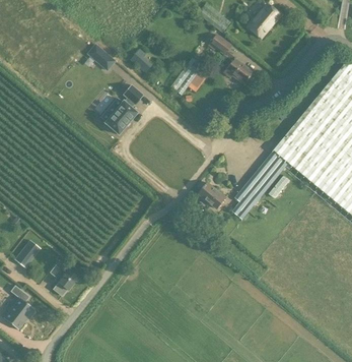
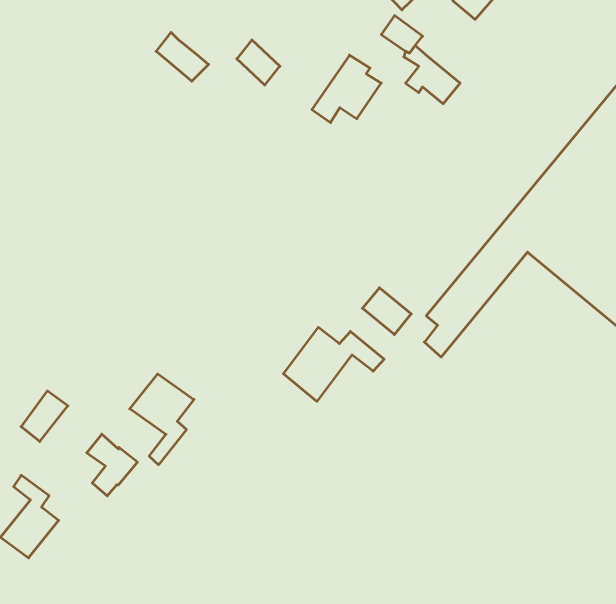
building: [100,84,143,134] -> none
building: none -> [283,327,384,401]
building: none -> [130,374,194,465]

